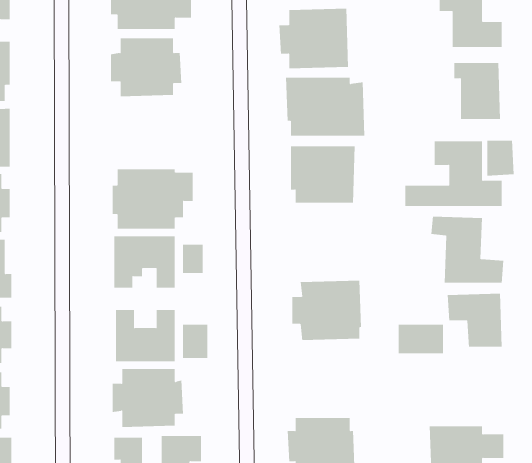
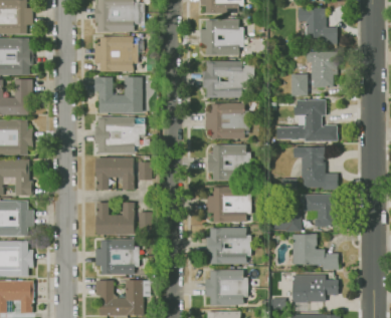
building: none -> [95,77,143,113]
building: [487,140,514,176] -> [289,73,307,95]
building: none -> [206,143,248,179]
building: none -> [206,227,248,264]
building: none -> [290,233,337,269]

